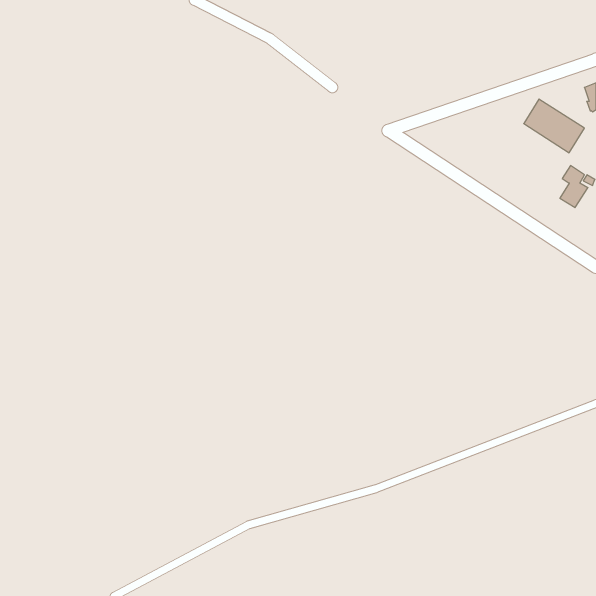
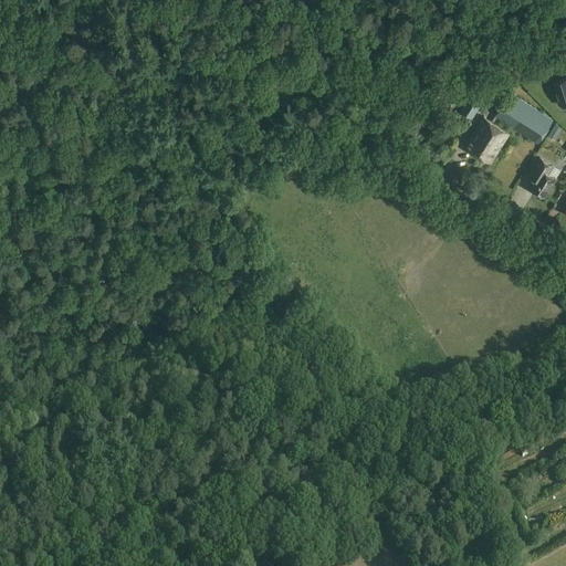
building: none -> [465,116,510,161]

